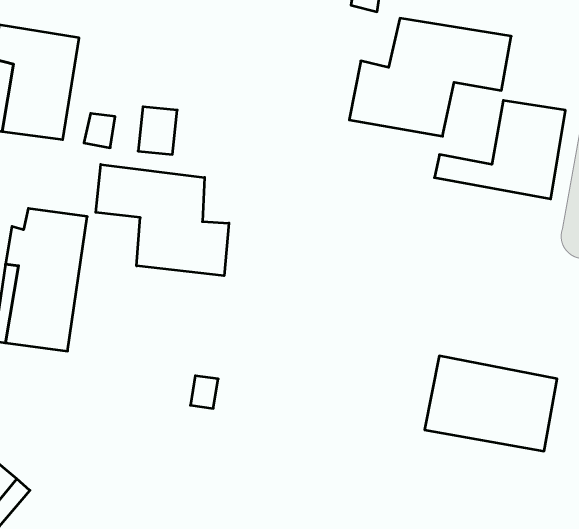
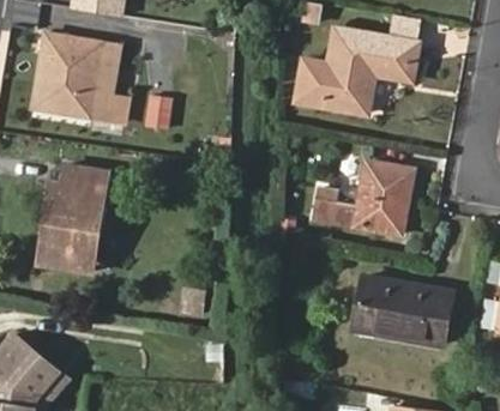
building: [434,100,565,199] -> [315,163,411,235]
building: [96,164,229,276] -> none

